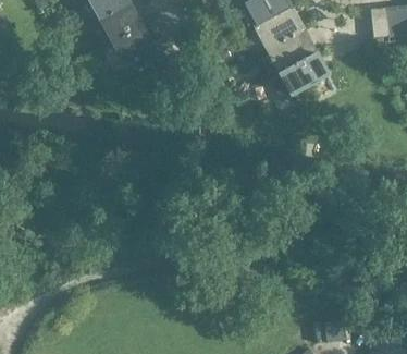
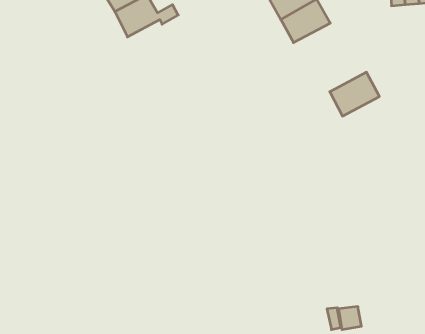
building: [281,52,328,94] -> [330,72,379,116]

